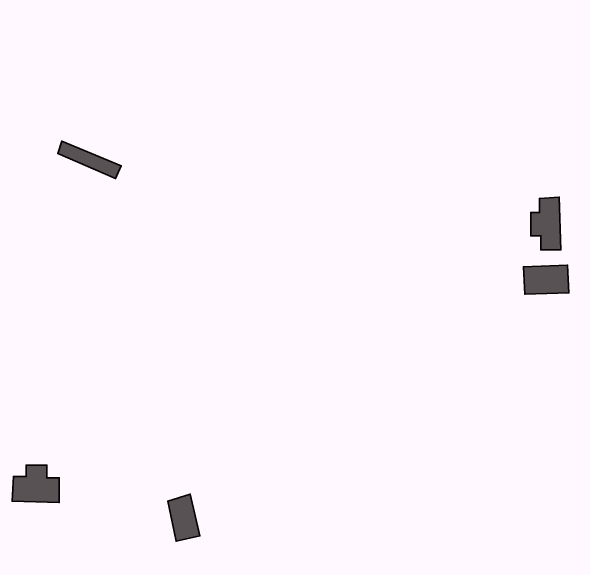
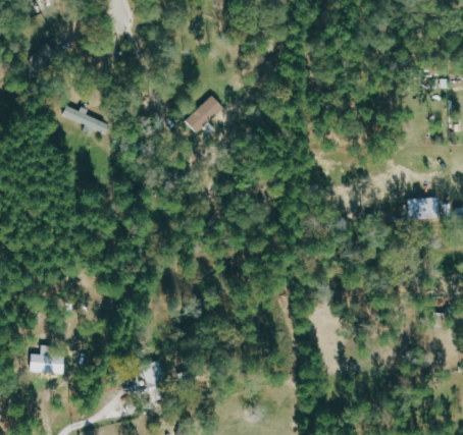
building: none -> [185,96,222,133]
building: [531,197,561,250] -> none

